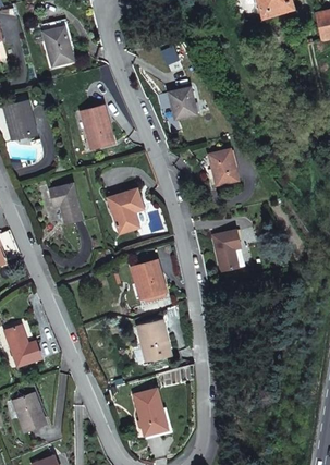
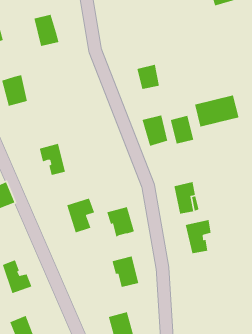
building: [81,106,113,148] -> none
building: none -> [194,94,239,128]
building: none -> [142,115,168,147]
building: [108,189,143,233] -> [66,198,95,233]
building: none -> [185,219,212,254]

